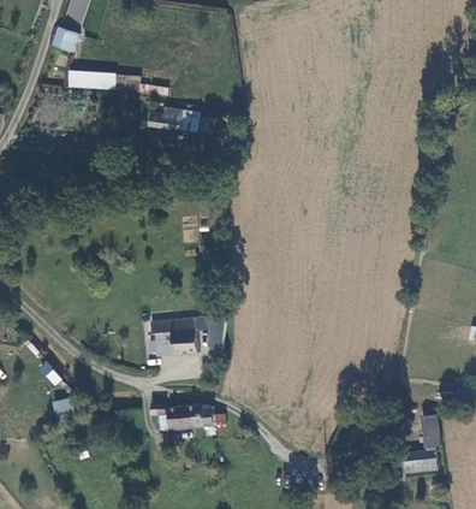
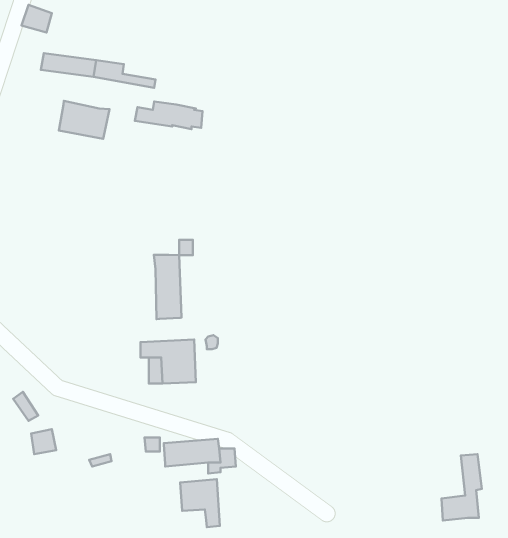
building: none -> [59,101,109,139]
building: none -> [154,255,182,319]
building: none -> [180,479,220,527]

